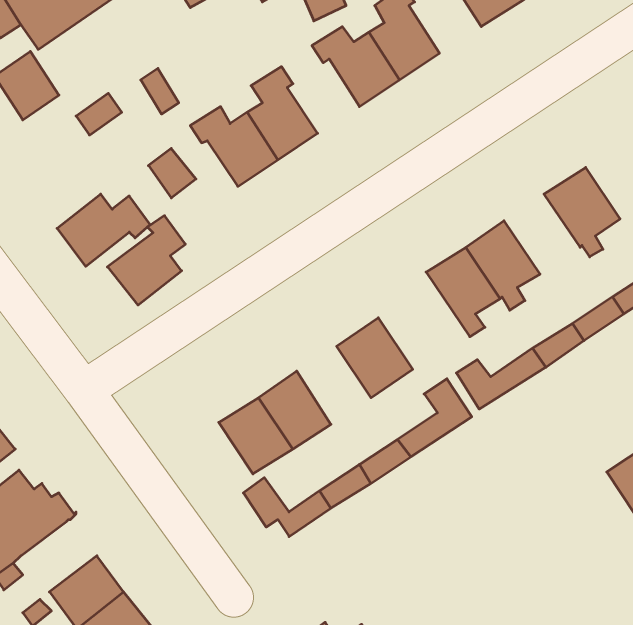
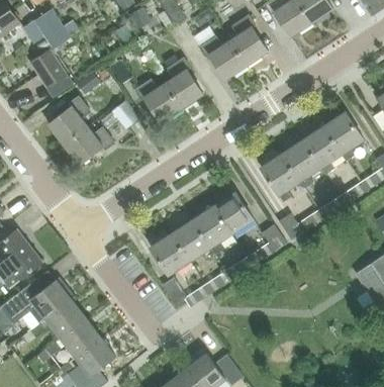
building: none -> [302,126,343,174]
building: [107,216,185,305] -> [49,97,90,144]
building: none -> [192,207,231,254]
building: none -> [45,299,86,337]

